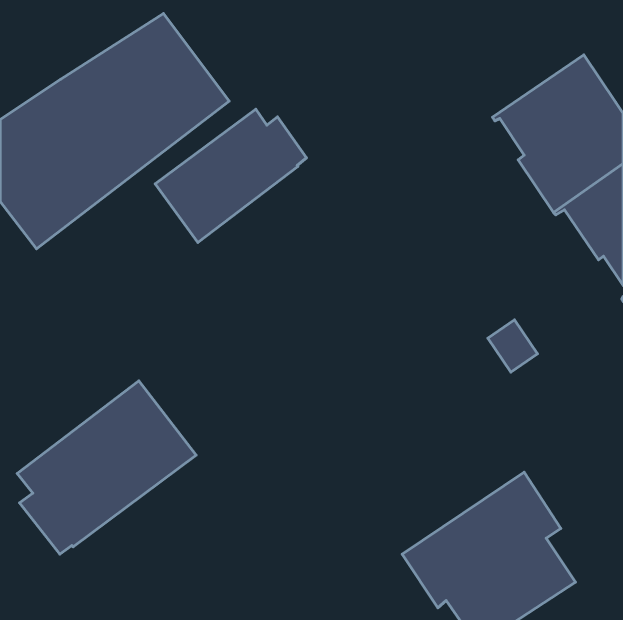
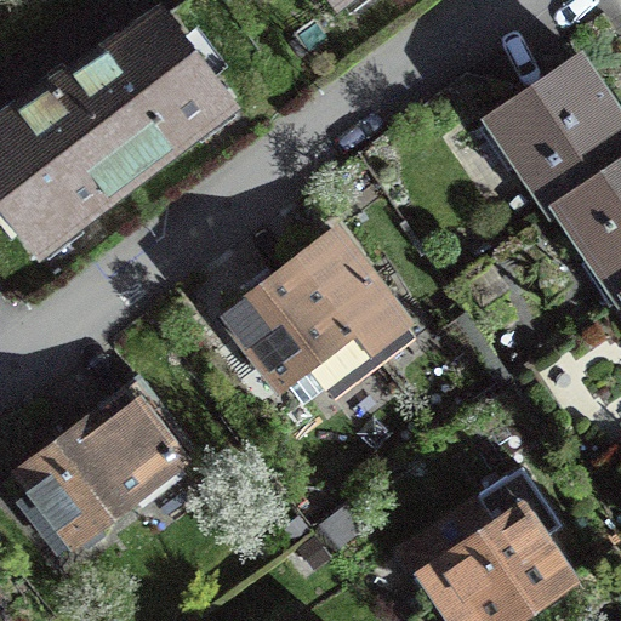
building: [155,109,307,242] -> none
building: none -> [223,234,414,401]

